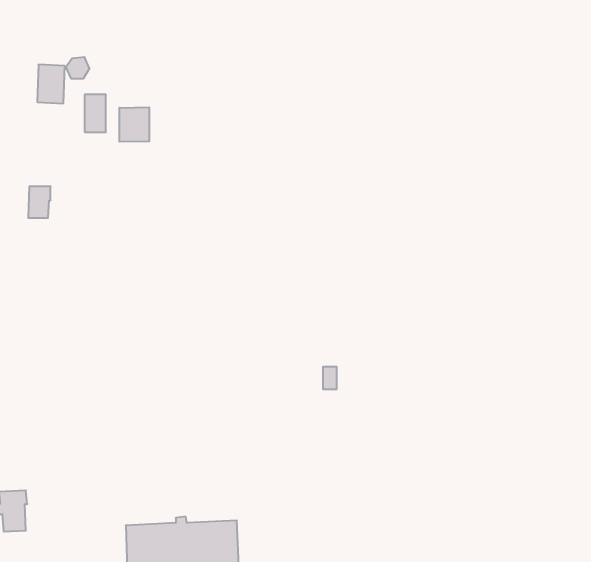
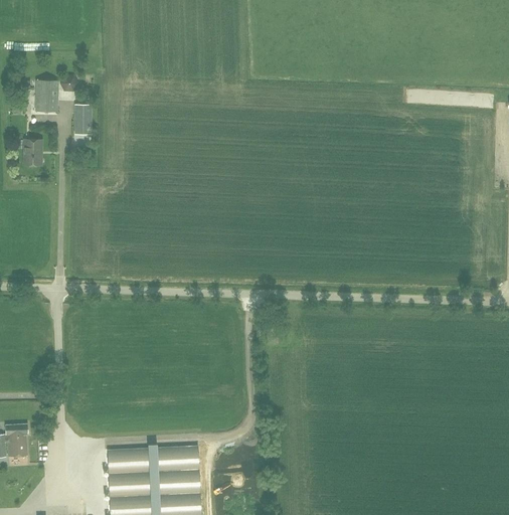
building: [119,107,149,142] -> none
building: [28,186,51,218] -> [23,139,41,164]

